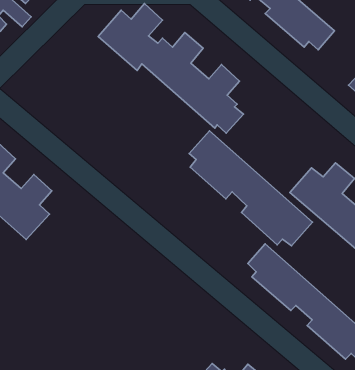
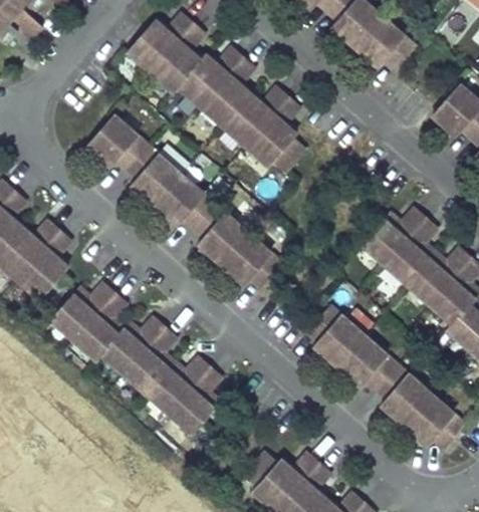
building: none -> [86,115,281,287]
building: [189,131,313,246] -> none
building: none -> [50,281,223,434]

